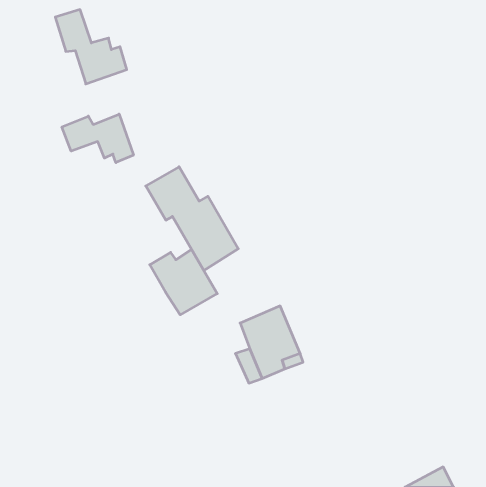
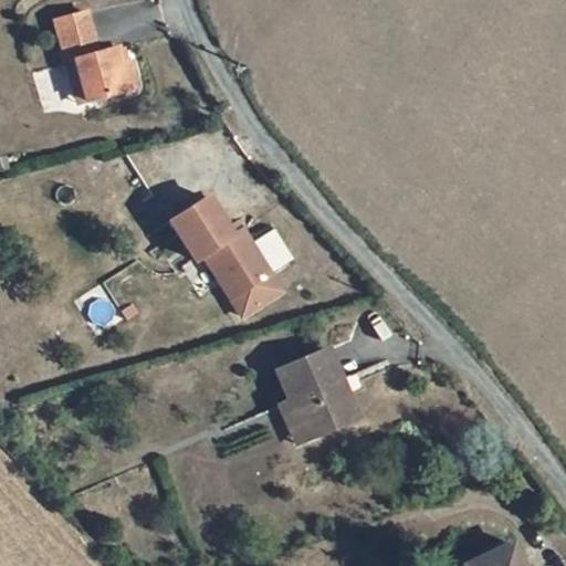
building: [62,114,133,163] -> none
building: [150,250,217,315] -> none

